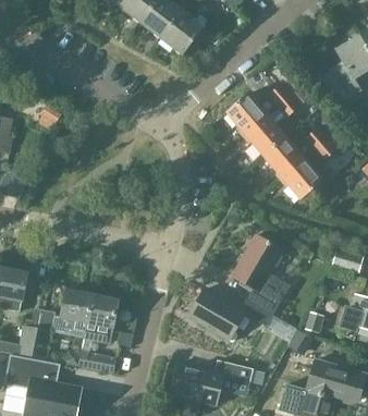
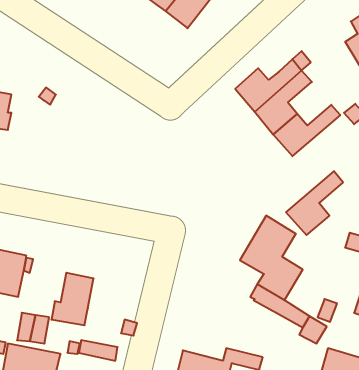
building: [281,137,335,198] -> [286,171,343,235]
building: [187,287,245,339] -> none
building: [83,293,118,343] -> none

